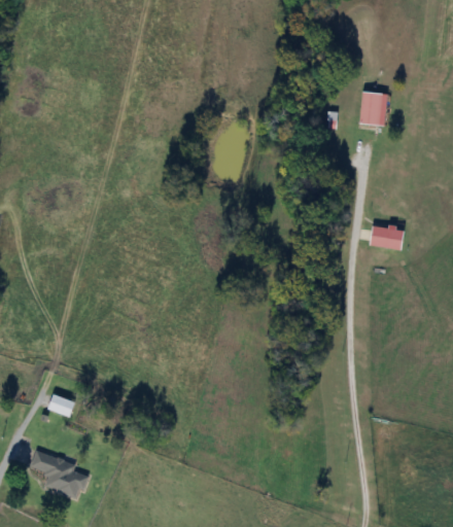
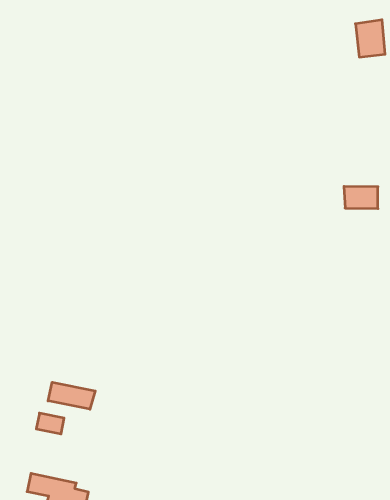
building: [360,93,387,126] -> [355,20,385,57]
building: none -> [48,382,95,409]

